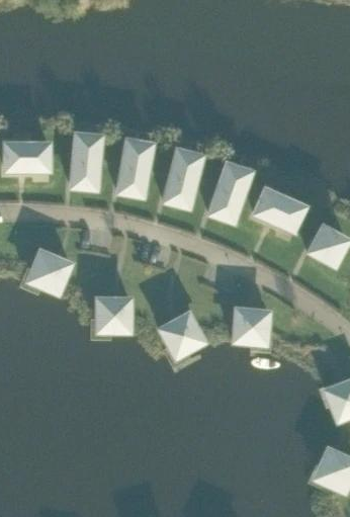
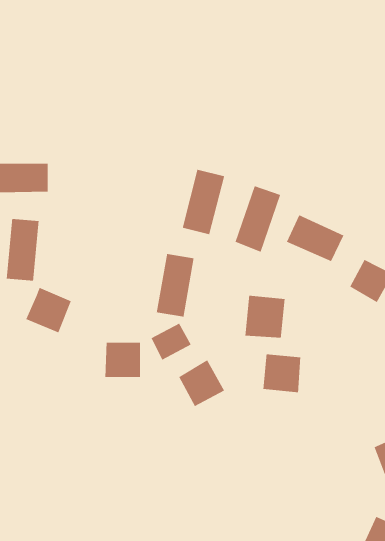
building: [70,132,99,186] -> [6,218,40,281]
building: [116,138,150,193] -> [156,253,195,317]
building: none -> [244,295,285,338]
building: none -> [150,323,192,361]

